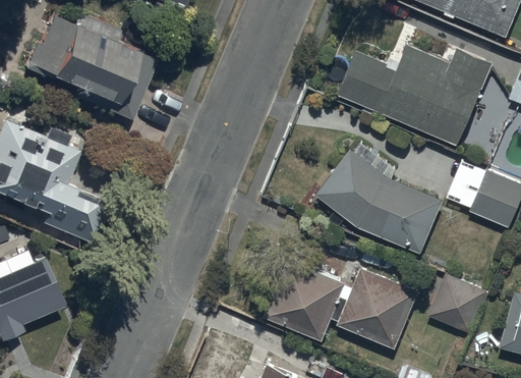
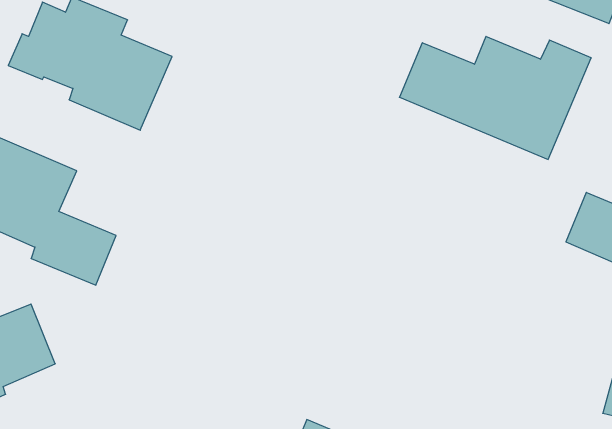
building: [317,152,443,255] -> none
building: [265,262,418,349] -> none
building: [428,275,487,334] -> none

